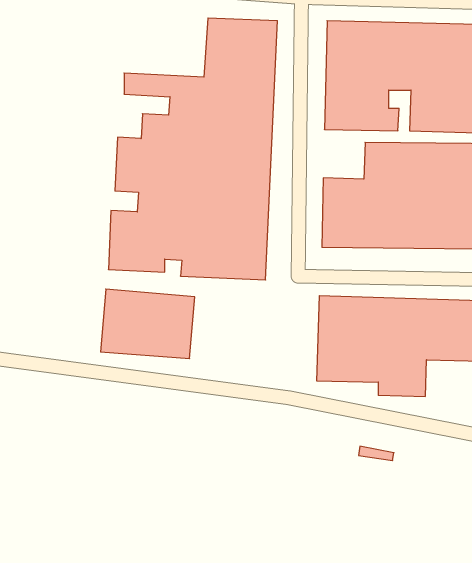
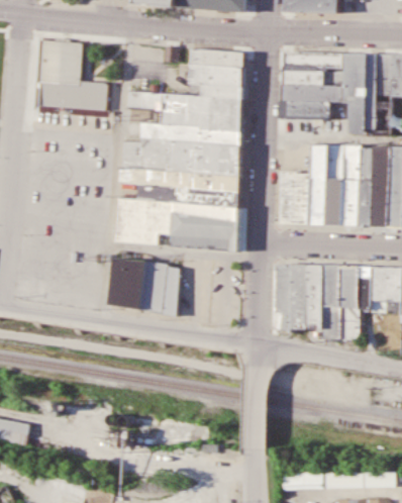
building: none -> [36,39,107,111]

